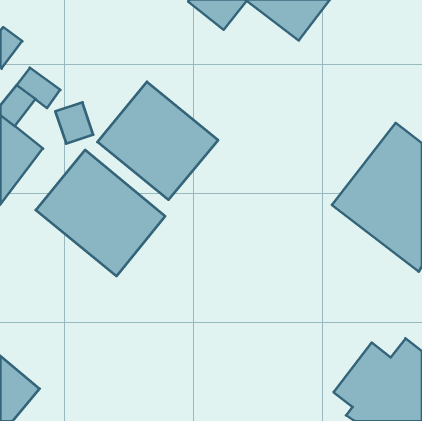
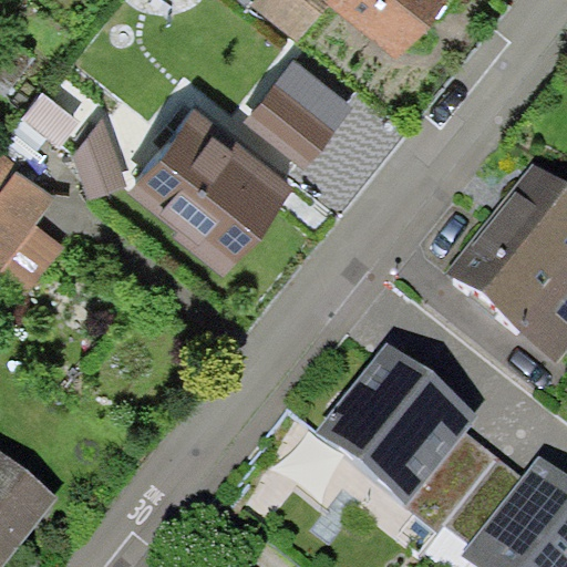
building: none -> [246,76,340,165]
building: [36,150,165,276] -> none
building: none -> [317,346,498,532]

